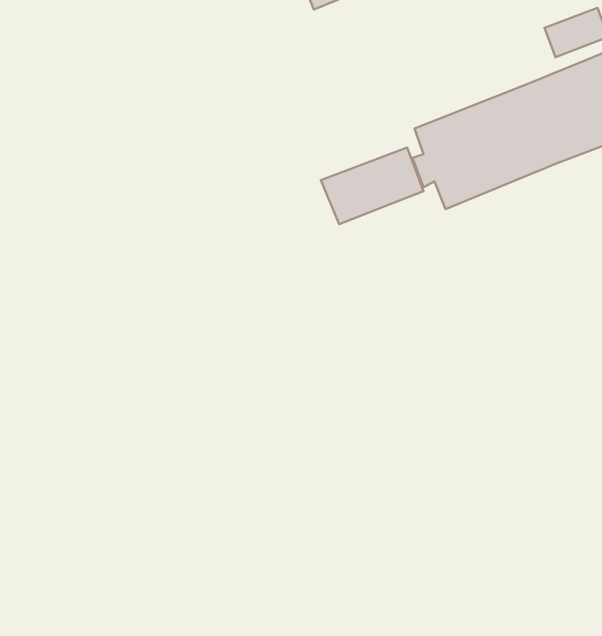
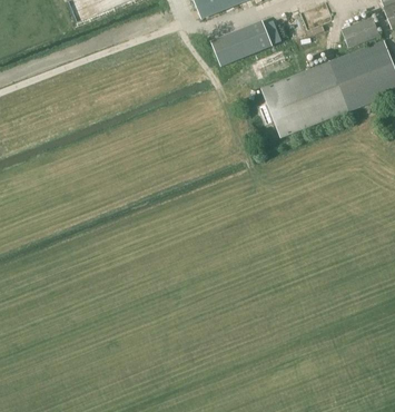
building: [321,147,424,224] -> [210,20,273,67]

